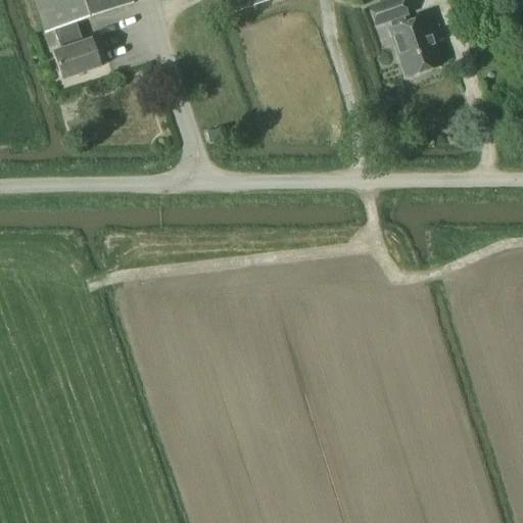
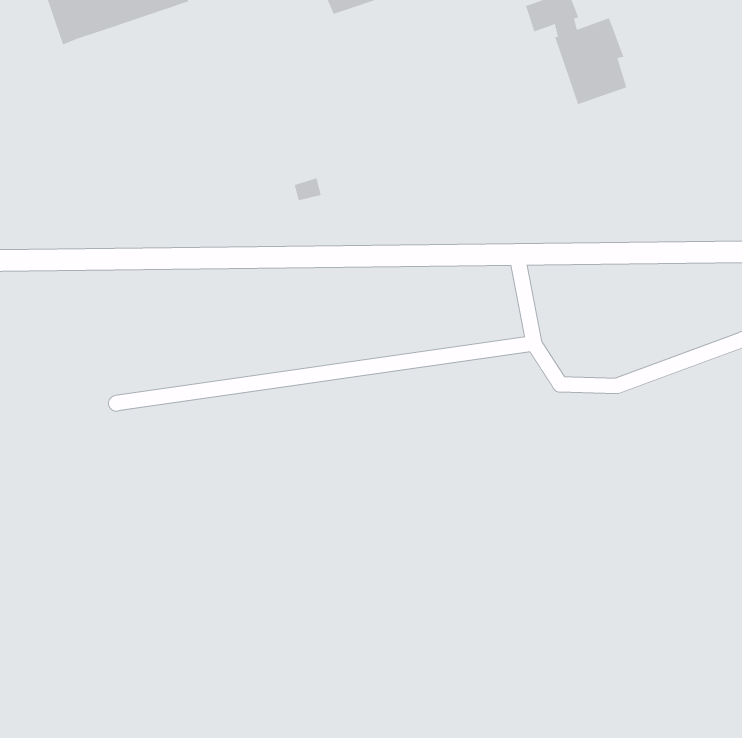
building: [53,20,100,76] -> none

